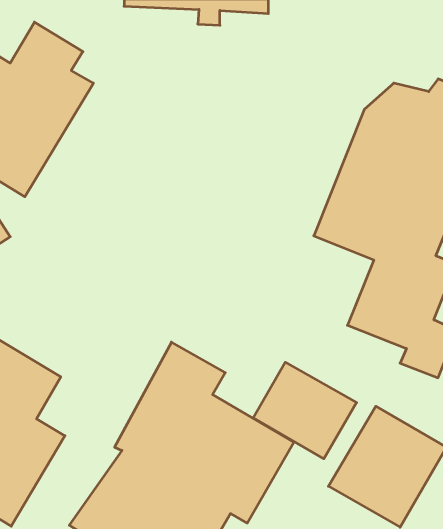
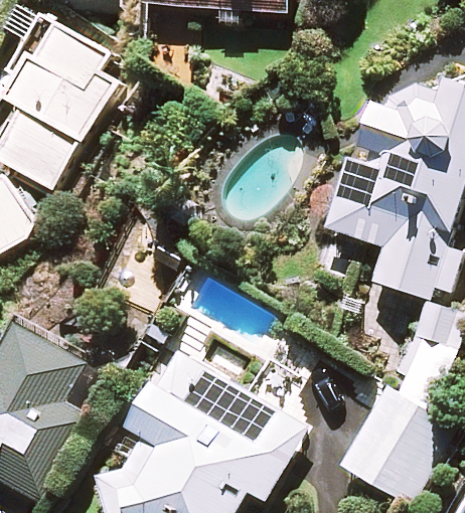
building: [253,362,357,459] -> none

